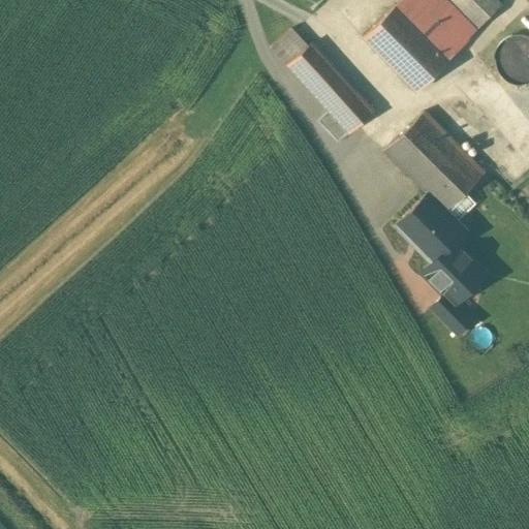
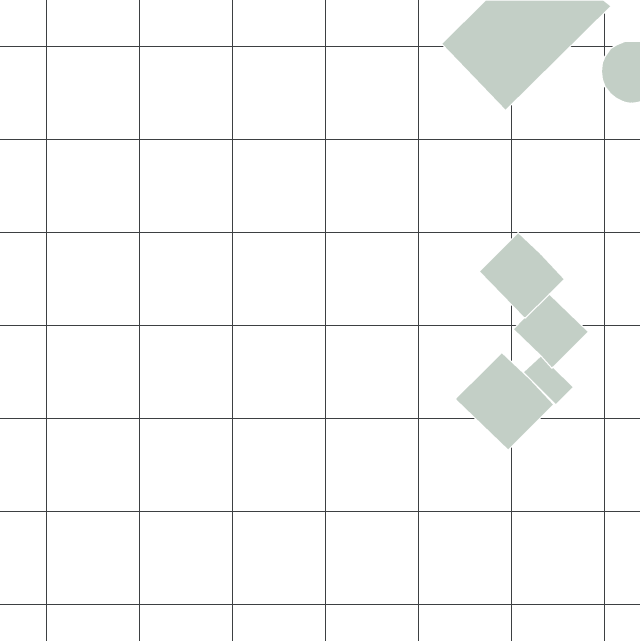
building: [273,29,374,133] -> none
building: [385,112,485,210] -> none
building: none -> [456,352,554,450]

